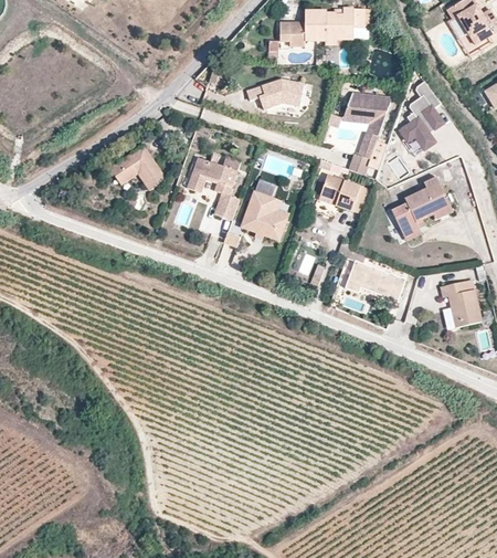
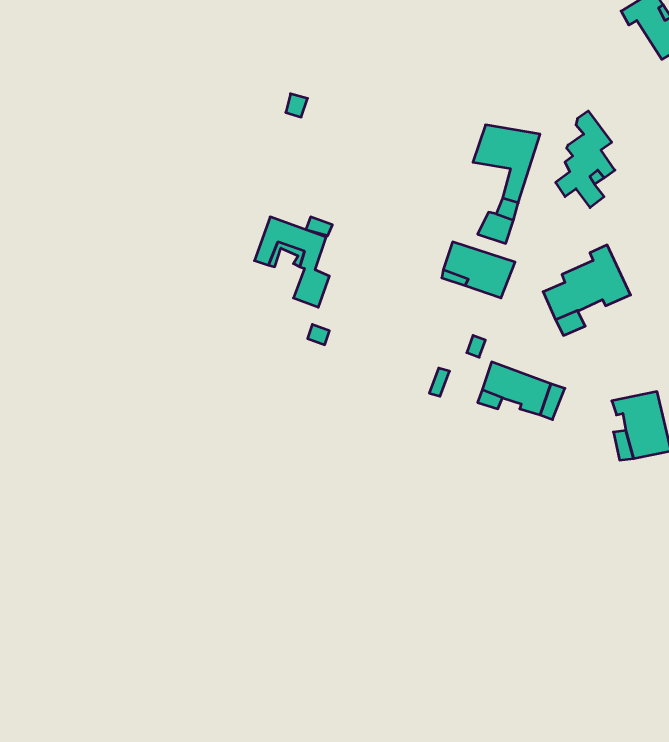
building: [279,8,364,45] -> none
building: [246,78,305,108] -> none
building: [110,146,166,190] -> none
building: [240,180,289,241] -> none

